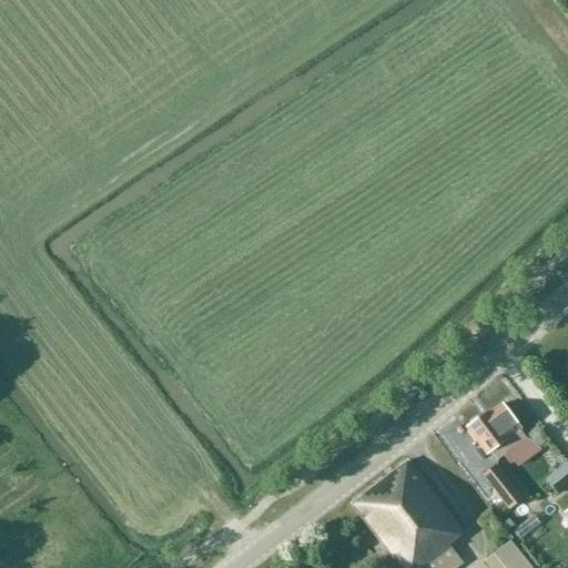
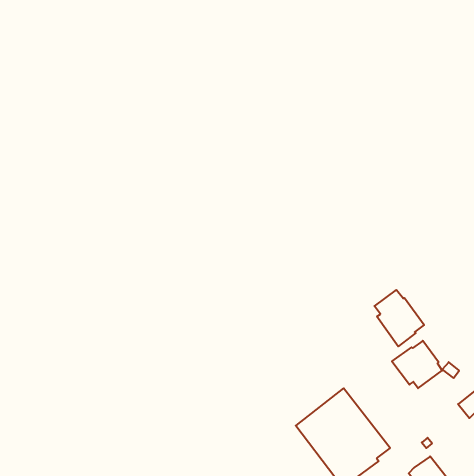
building: none -> [374,290,424,346]
building: [486,467,526,513] -> none

